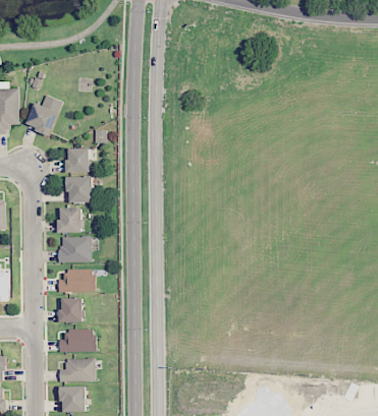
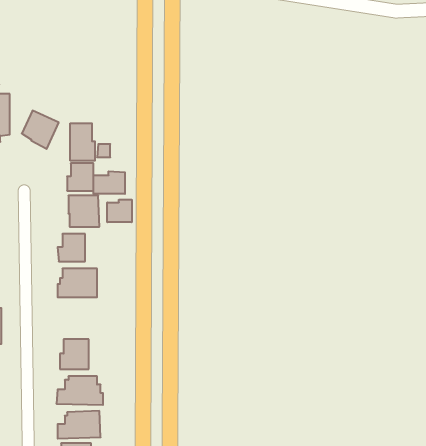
building: none -> [70,123,95,161]
building: none -> [94,171,125,194]
building: none -> [107,200,132,222]
building: [56,269,94,292] -> none

